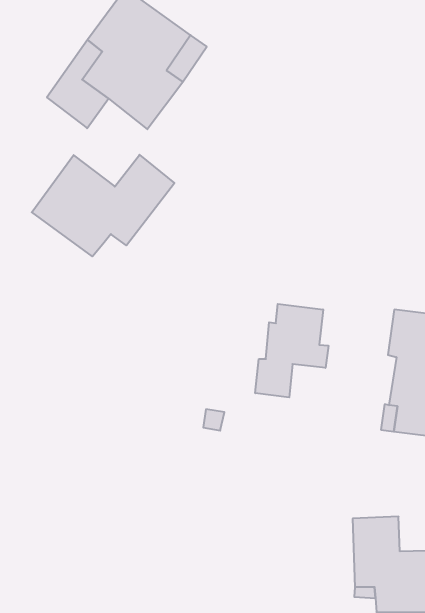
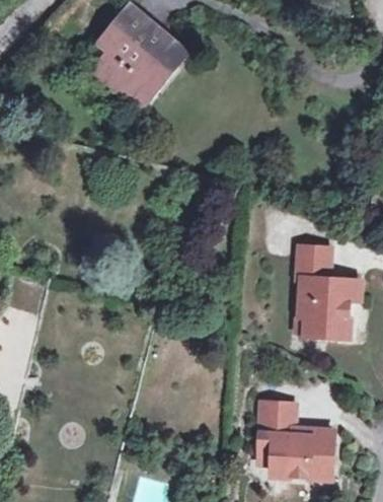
building: [32,155,174,256] -> none
building: [255,304,328,397] -> none

